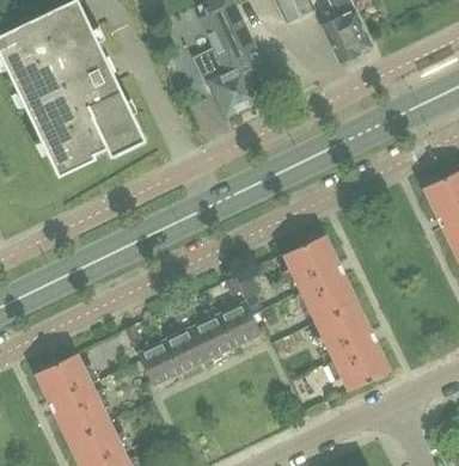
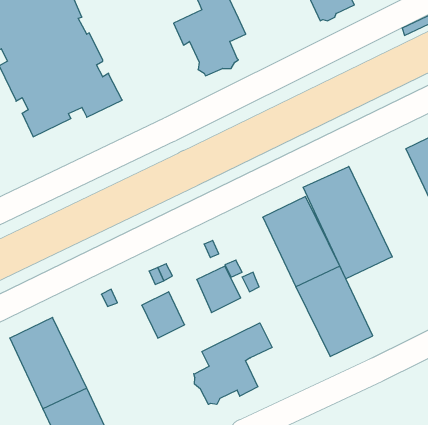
building: none -> [303,166,392,279]
building: [191,315,233,360] -> none
building: [137,341,180,386] -> none
building: none -> [194,323,272,404]

